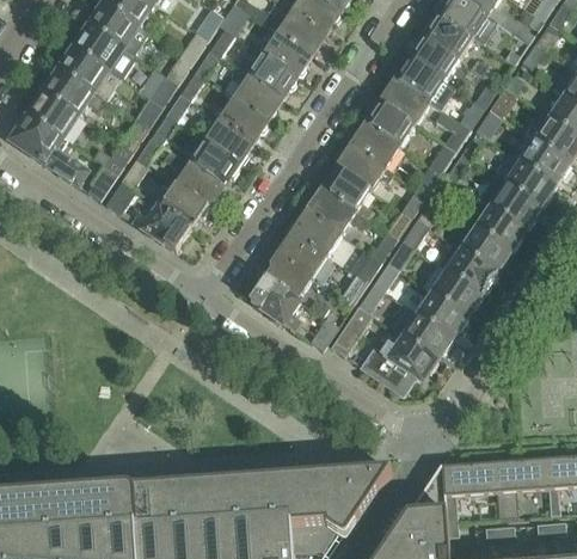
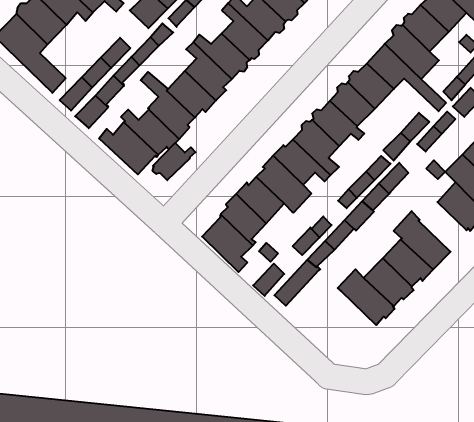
building: none -> [153,143,196,180]
building: [460,228,509,275] -> none
building: [360,332,437,397] -> none

